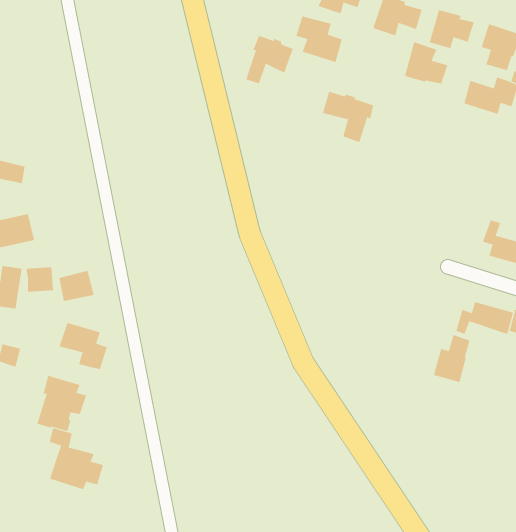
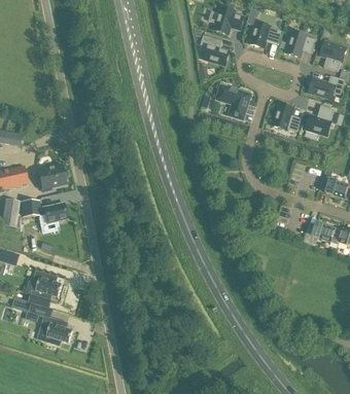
building: [245,35,293,84] -> none
building: [404,42,448,84] -> [273,102,302,130]
building: none -> [306,104,334,135]
building: none -> [37,163,66,190]
building: [59,322,107,370] -> none
building: [433,334,470,383] -> none

